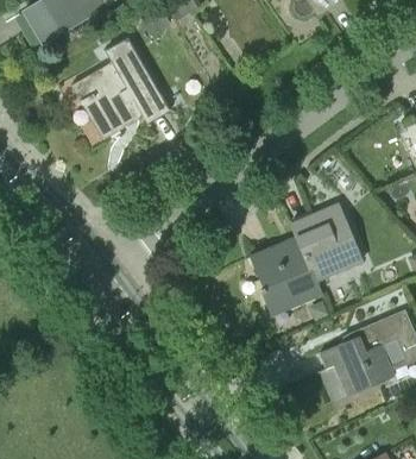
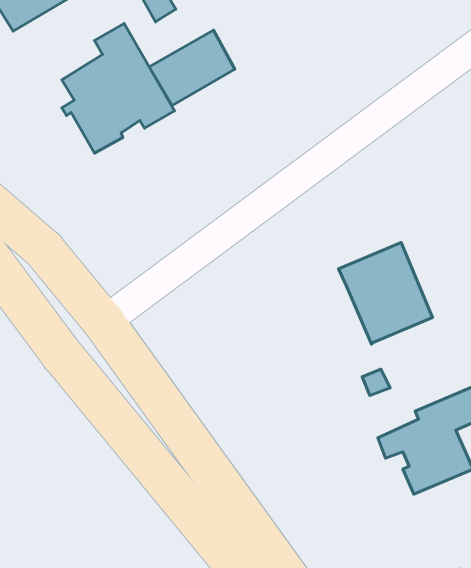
building: none -> [149,30,235,105]
building: [251,237,322,314] -> none

